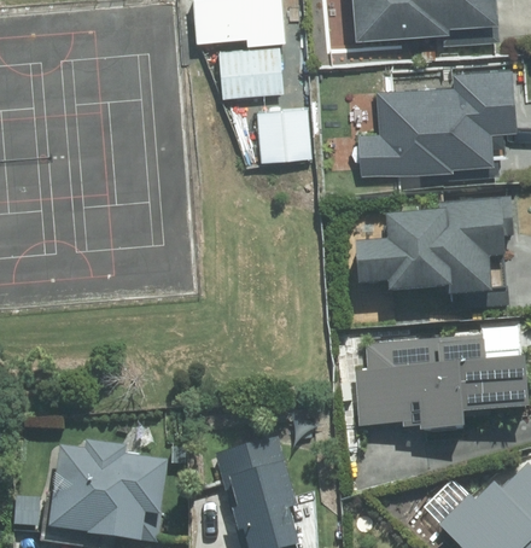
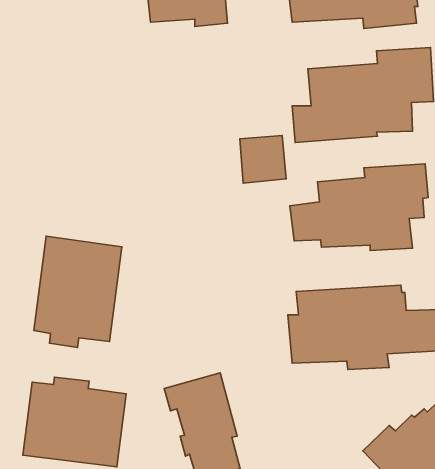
building: [217,40,281,93] -> none
building: [253,104,307,158] -> [240,136,286,183]
building: none -> [34,236,122,347]

